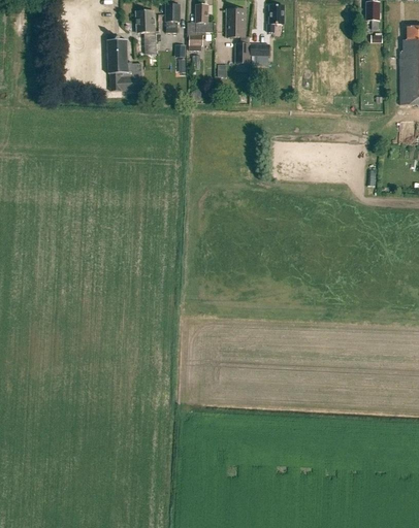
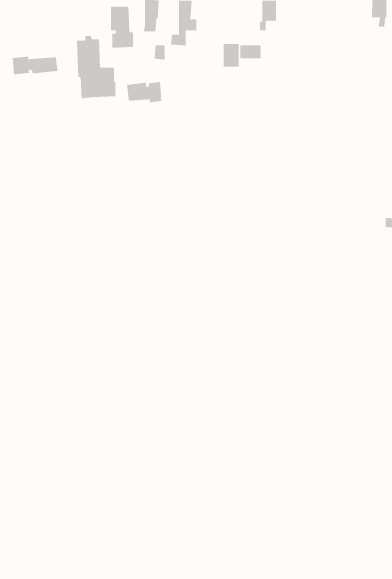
building: [228,8,246,35] -> none
building: none -> [12,56,58,75]
building: none -> [126,81,162,103]

